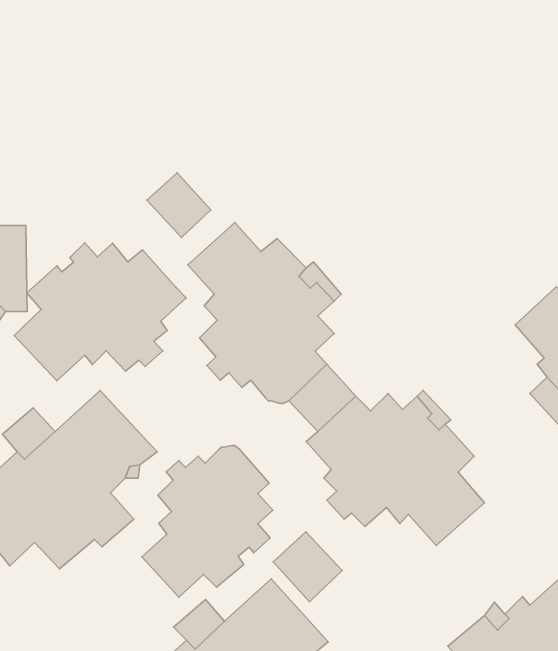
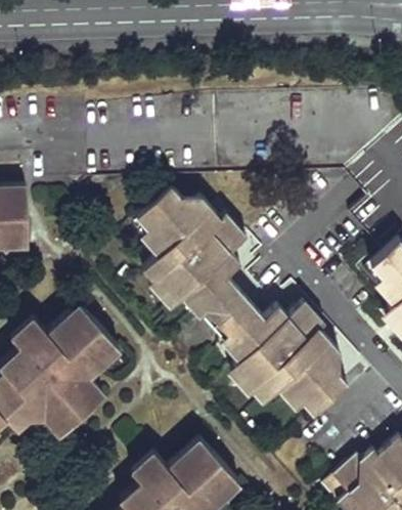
building: [147,173,211,238] -> none
building: [14,243,186,381] -> none
building: [142,445,273,597] -> none
building: [273,532,342,602] -> none

